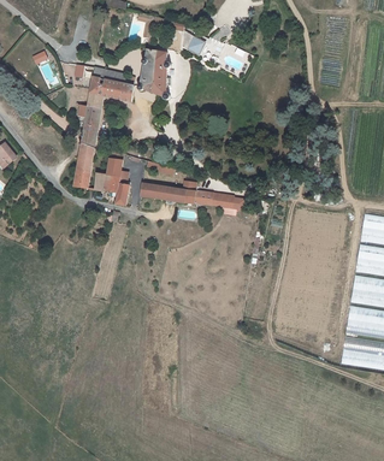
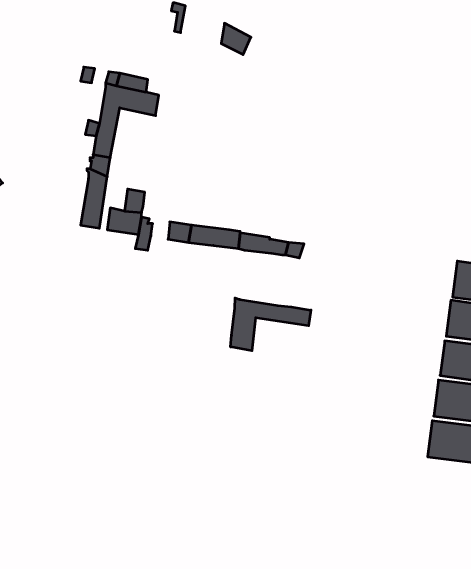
building: [137,49,170,99] -> none
building: none -> [231,298,311,351]

